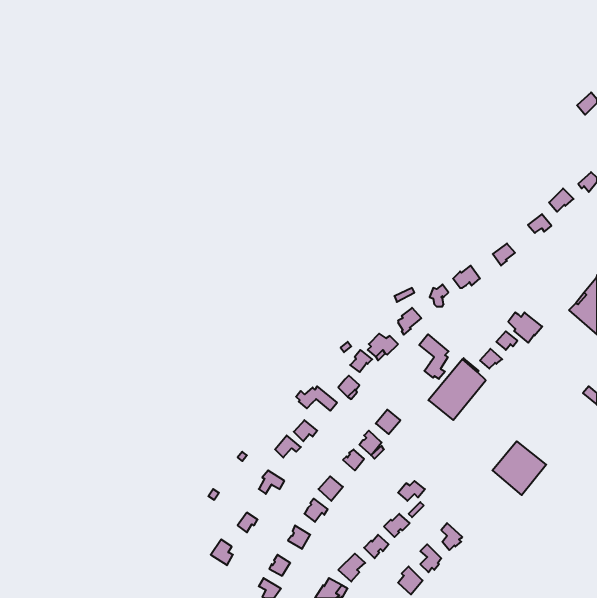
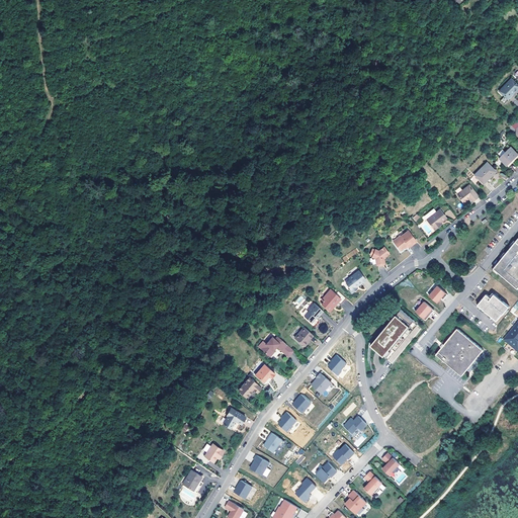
building: [508,312,542,343] -> [480,294,509,321]
building: [419,334,449,379] -> none
building: [492,441,546,495] -> [434,329,481,375]

